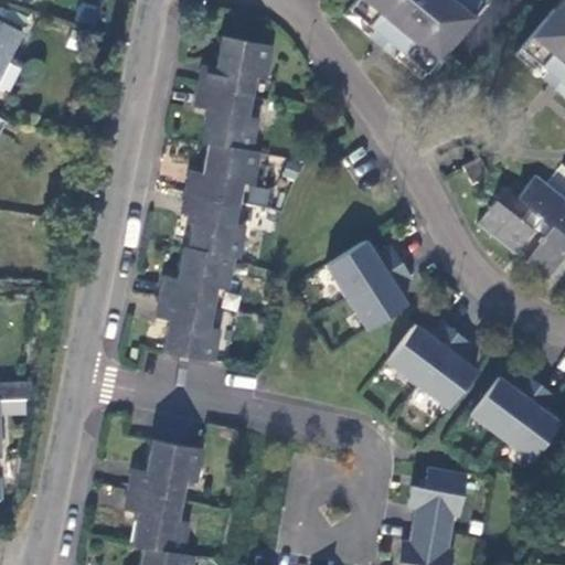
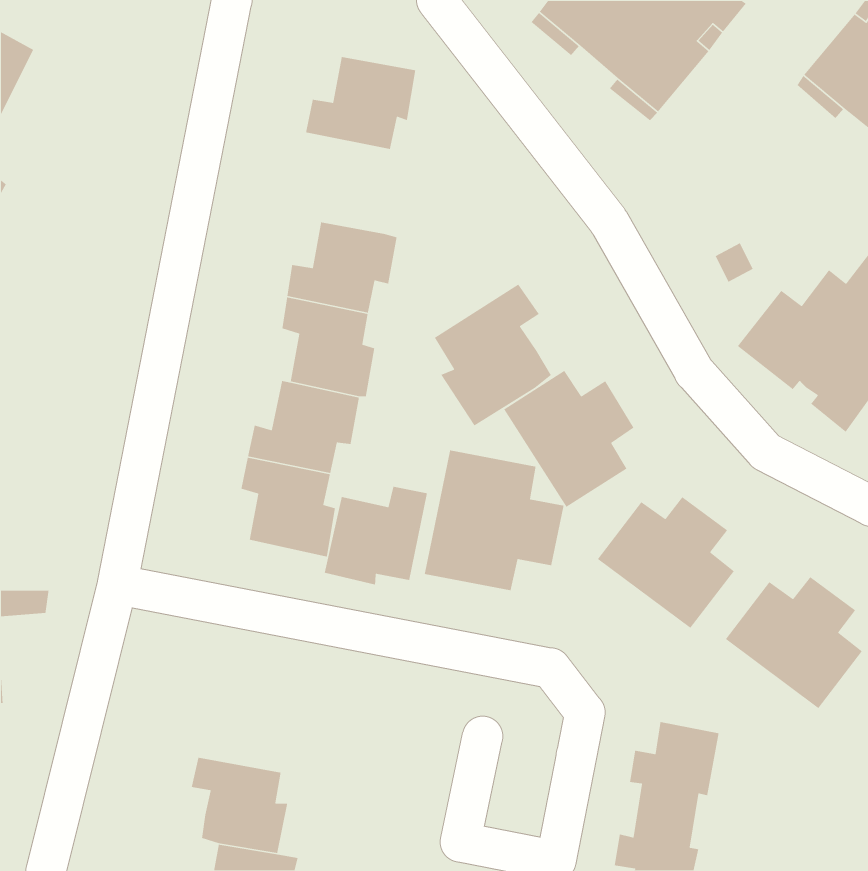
building: [198,86,258,151] -> none
building: none -> [434,283,552,426]
building: none -> [424,449,564,591]
building: none -> [324,486,428,585]
building: [130,437,203,500] -> none

